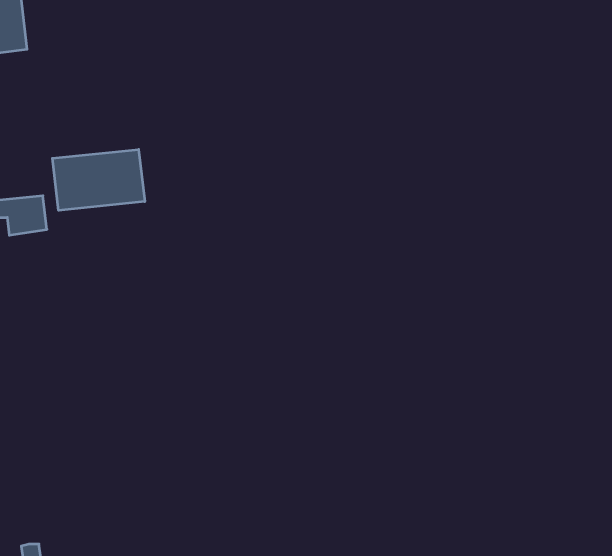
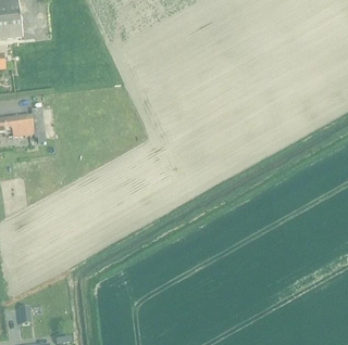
building: [52,149,145,210] -> none

